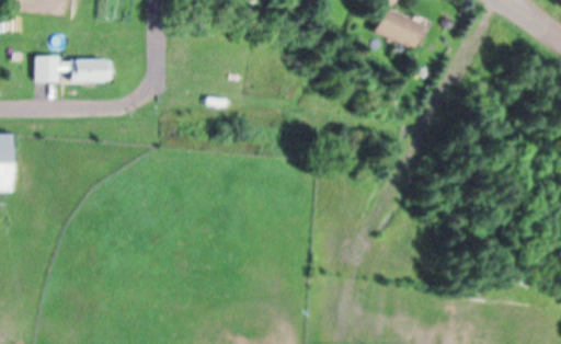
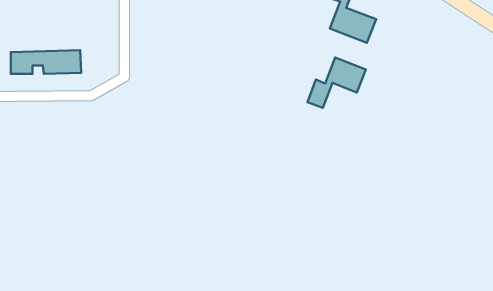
building: none -> [308,57,366,108]

